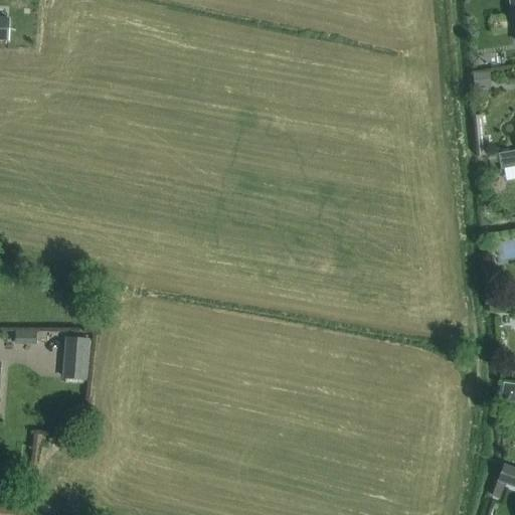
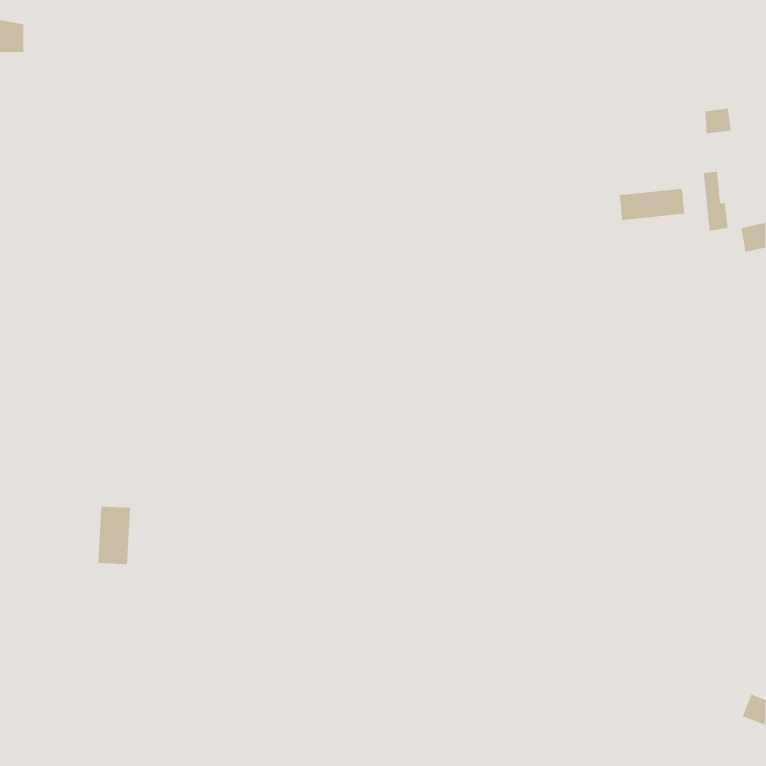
building: none -> [619,188,685,221]

